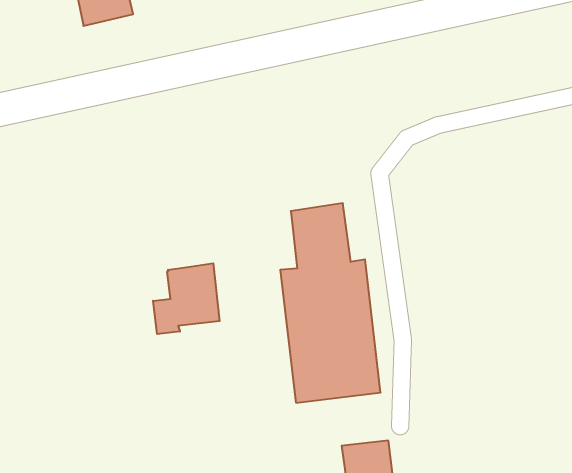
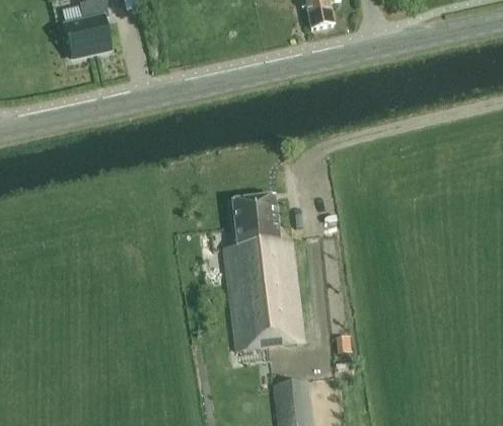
building: [153,263,220,334] -> none

